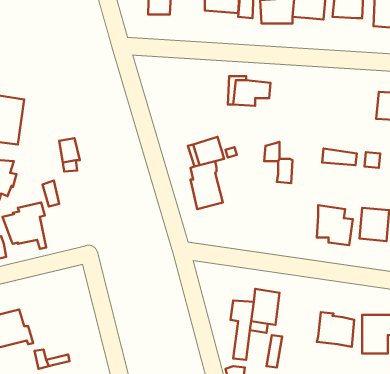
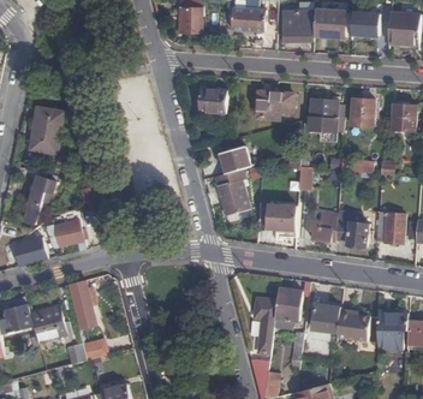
building: none -> [198,88,226,112]
building: none -> [310,97,338,130]
building: none -> [351,97,373,125]
building: none -> [267,203,297,228]
building: none -> [310,212,336,240]
building: none -> [68,281,95,328]
building: none -> [312,304,340,332]

